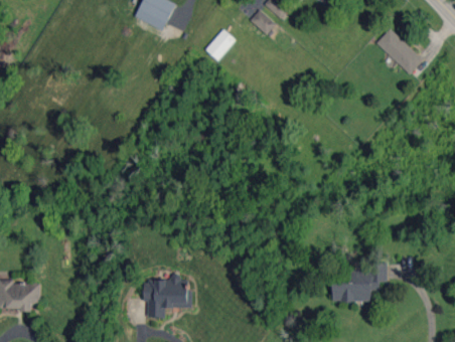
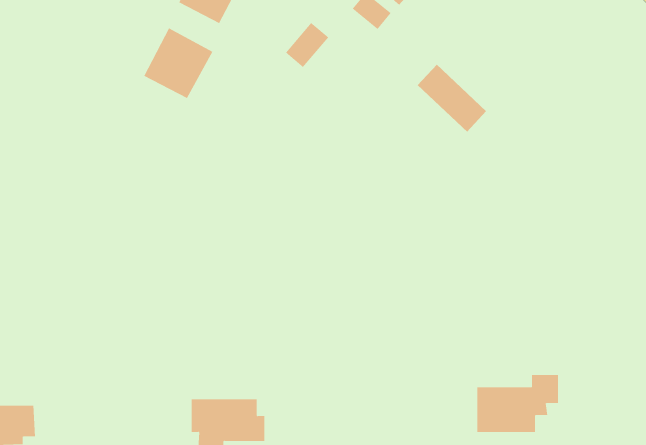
building: [376,29,423,74] -> [417,64,487,132]
building: none -> [144,28,213,99]

